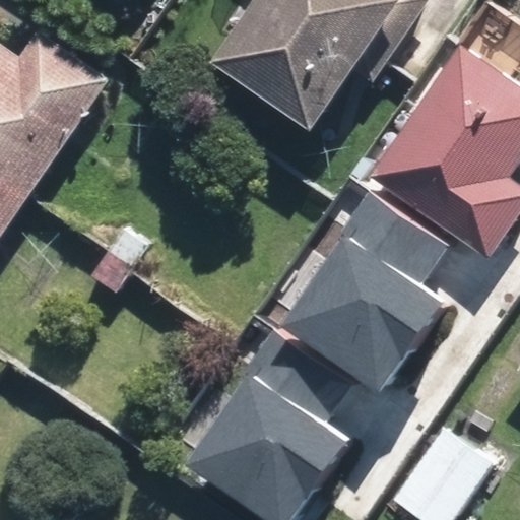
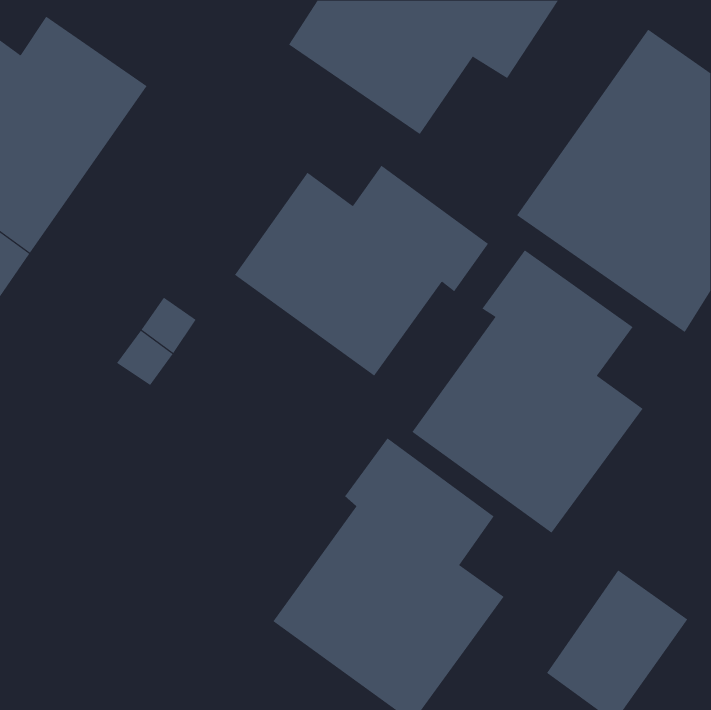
building: none -> [234,165,489,376]

